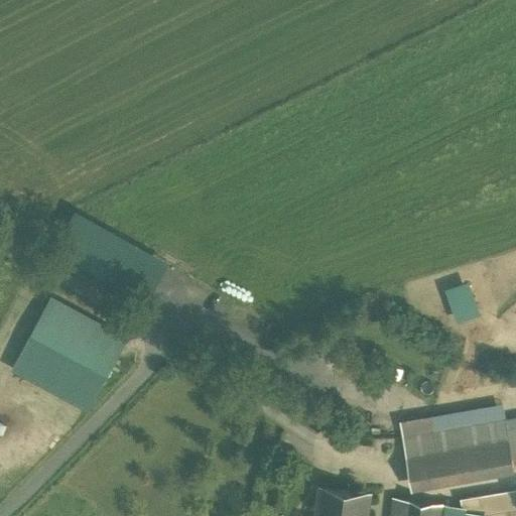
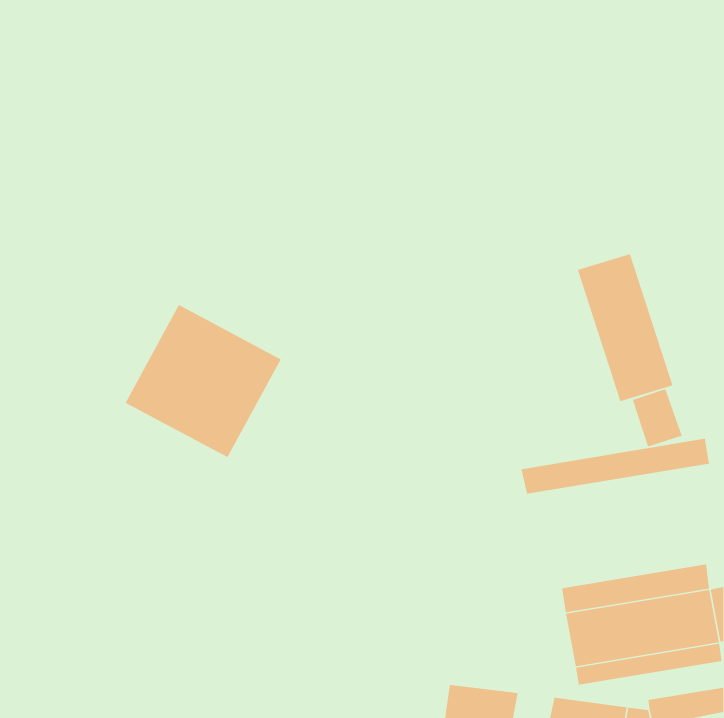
building: none -> [577,253,673,402]
building: [14,300,126,410] -> [125,304,282,458]
building: none -> [520,438,710,495]

